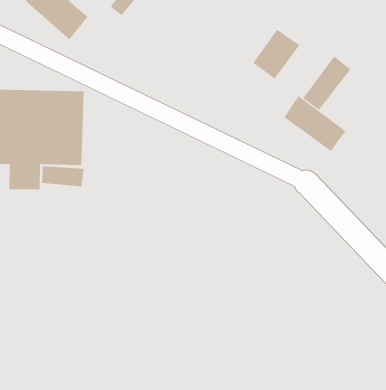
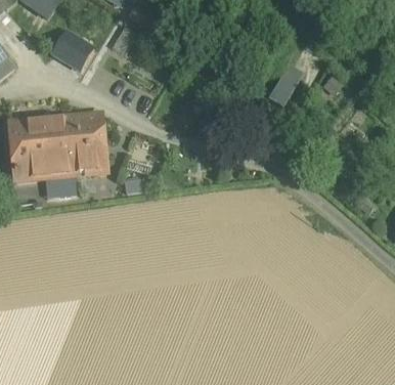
building: [253,29,300,79] -> none
building: [284,95,346,152] -> none

